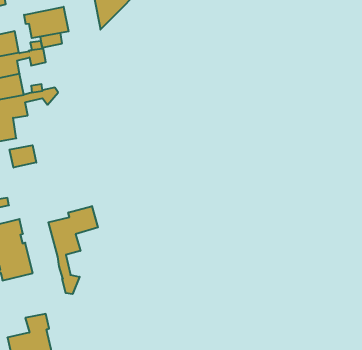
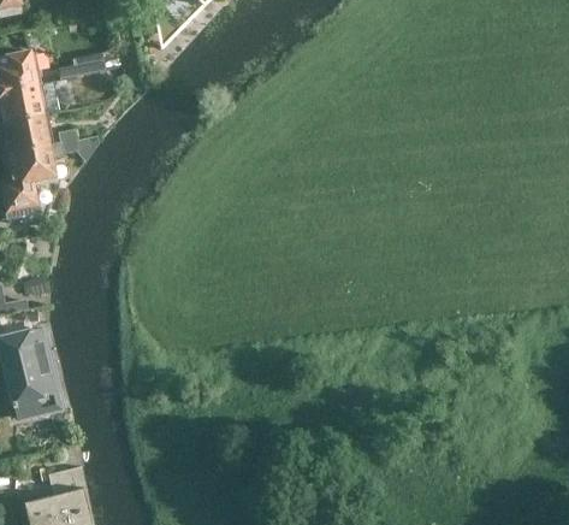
building: [24,7,69,38] -> none
building: [10,145,36,168] -> none
building: [48,206,98,294] -> none

